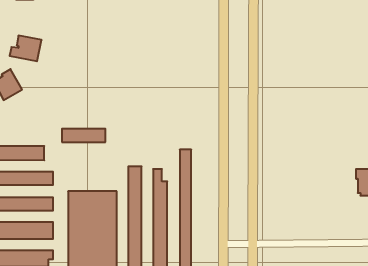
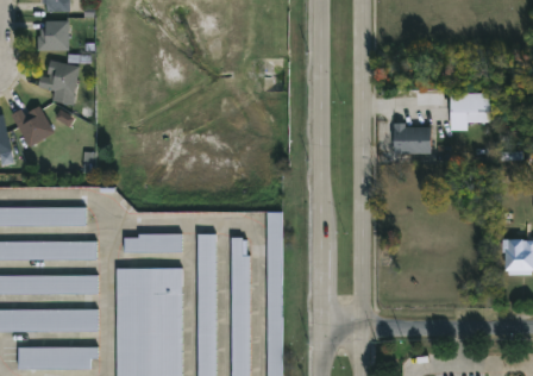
building: none -> [38,19,70,50]
building: none -> [451,92,495,130]
building: none -> [394,123,431,153]
building: [62,129,105,142] -> [124,236,182,253]

